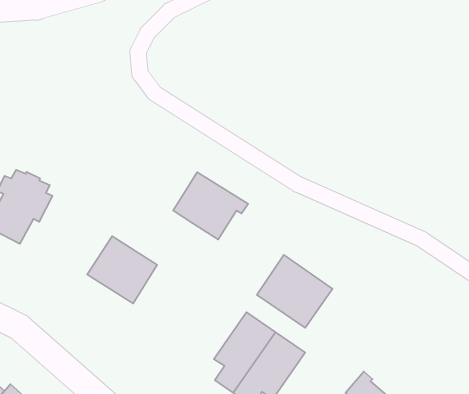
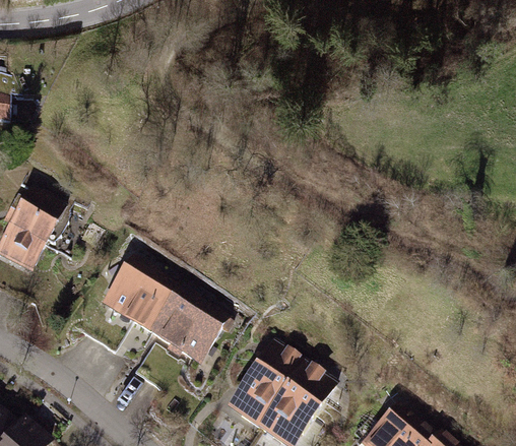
building: [173,172,248,239] -> [151,291,231,362]
building: [257,255,333,328] -> none

